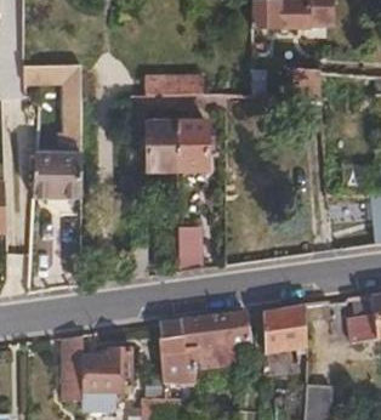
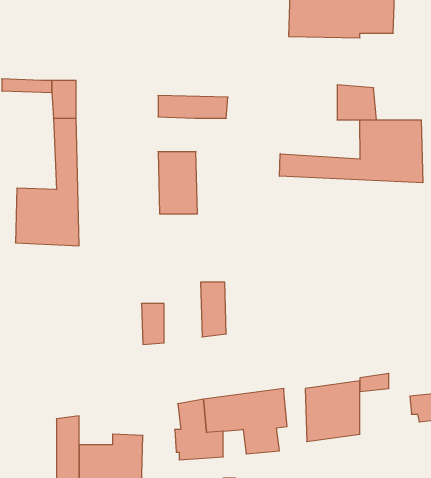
building: none -> [279,120,423,183]
building: [176,123,206,172] -> none

